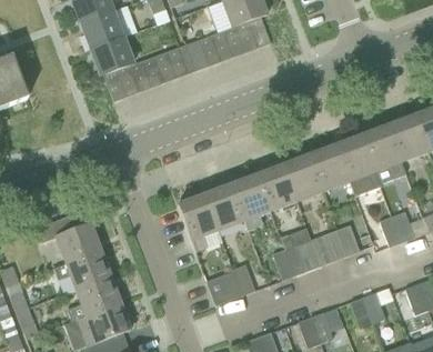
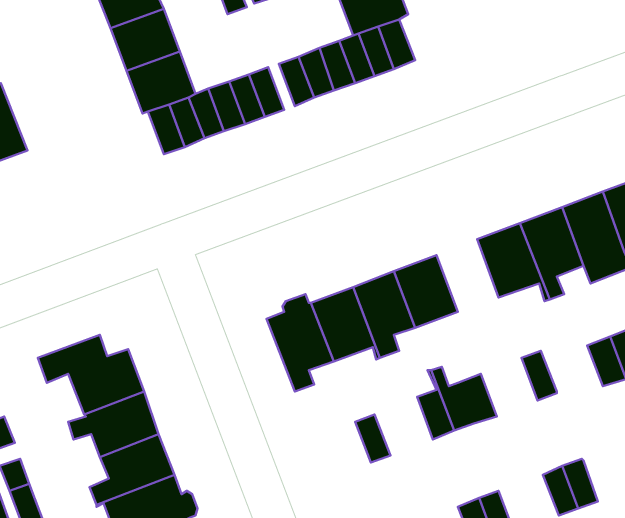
building: [284,154,323,200] -> none
building: [312,229,348,265] -> none
building: [205,269,243,305] -> none

